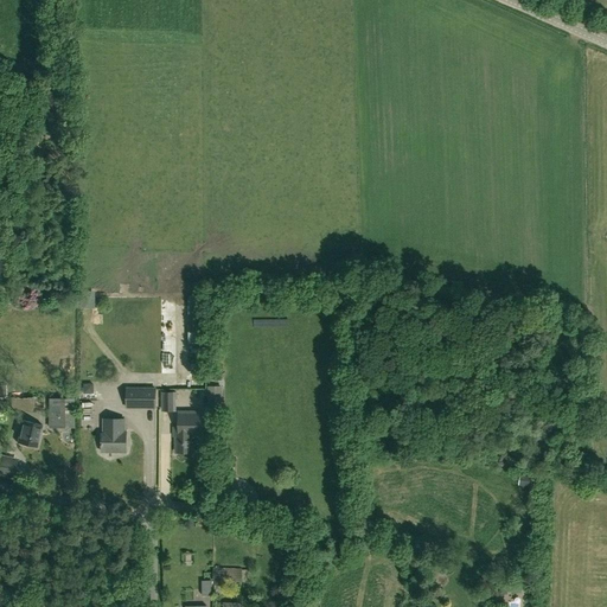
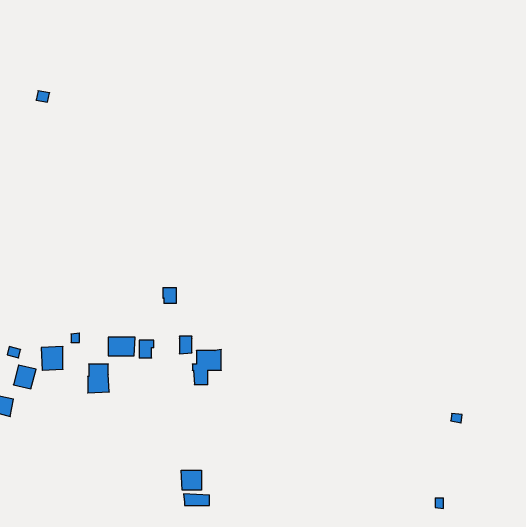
building: [173,411,206,452] -> [192,350,221,385]
building: none -> [181,470,201,490]

